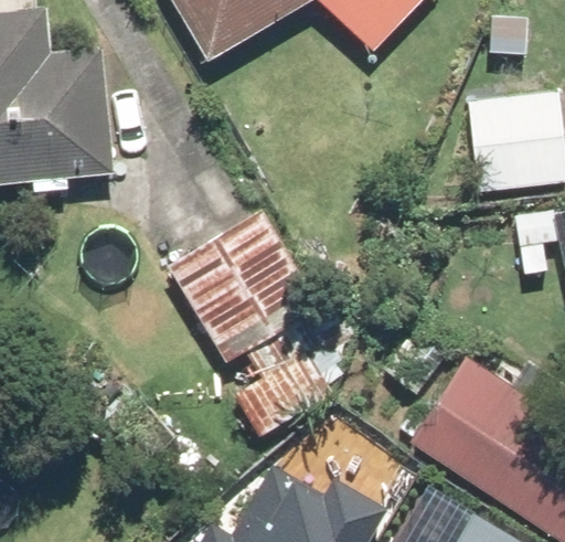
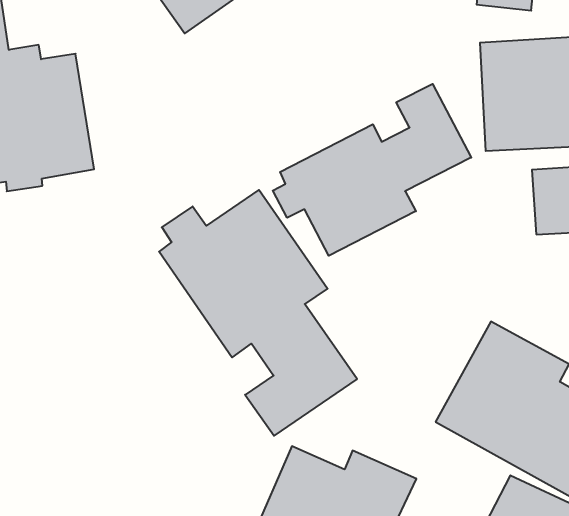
building: none -> [273,84,471,256]

